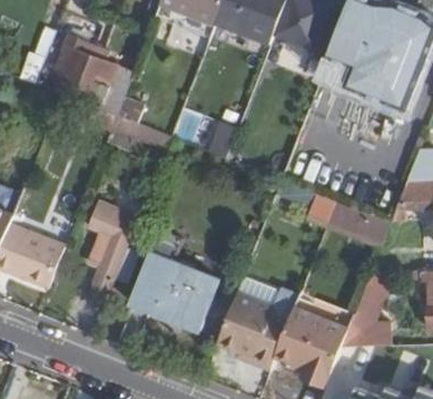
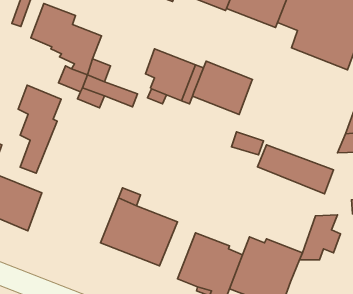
building: none -> [193,61,253,114]
building: [87,202,135,300] -> [18,85,61,173]
building: [342,321,391,347] -> none

